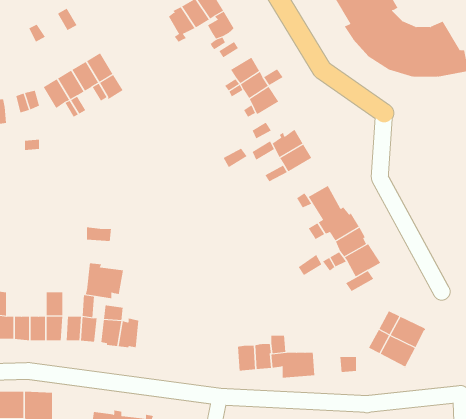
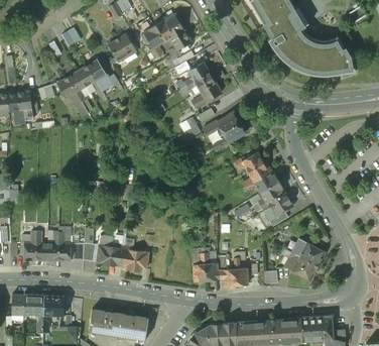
building: none -> [108,34,136,62]
building: [85,263,124,299] -> [121,246,148,271]

